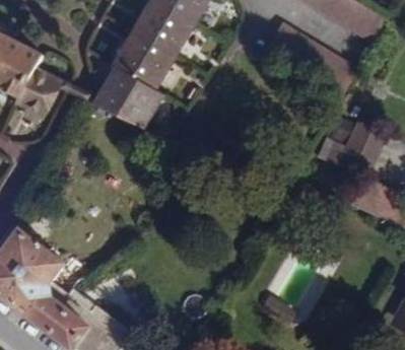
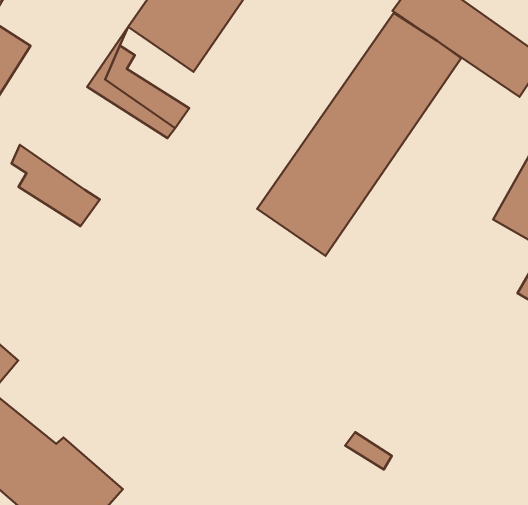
building: none -> [257,13,461,256]
building: [110,65,162,110] -> [11,145,100,226]

